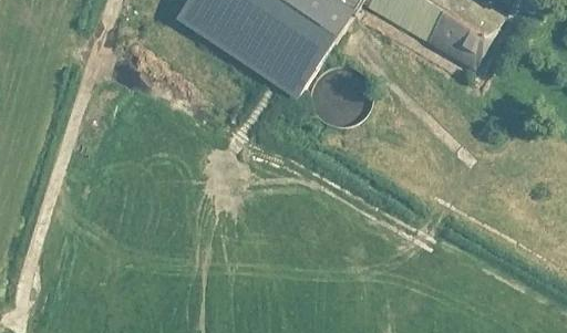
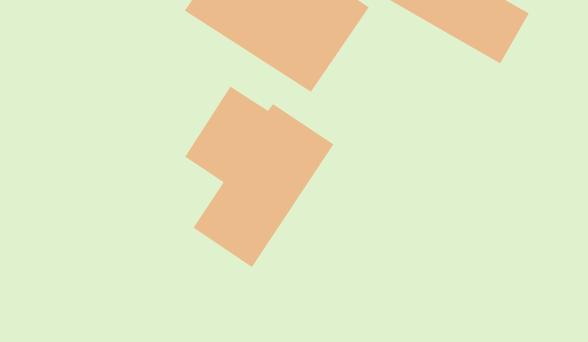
building: none -> [184,85,334,268]

